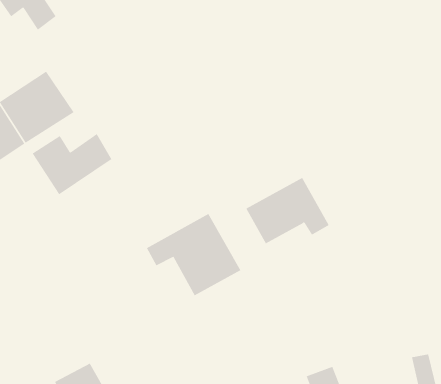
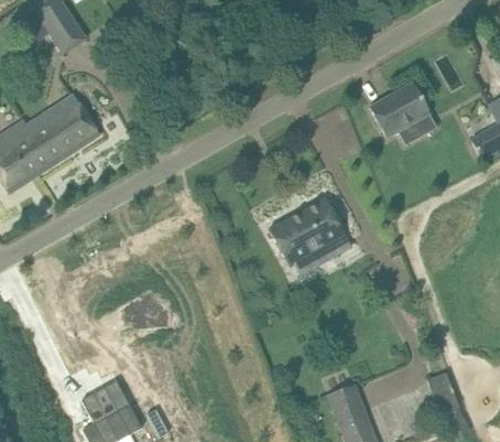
building: none -> [369,83,435,143]
building: [32,133,112,195] -> none
building: [146,213,241,296] -> none

